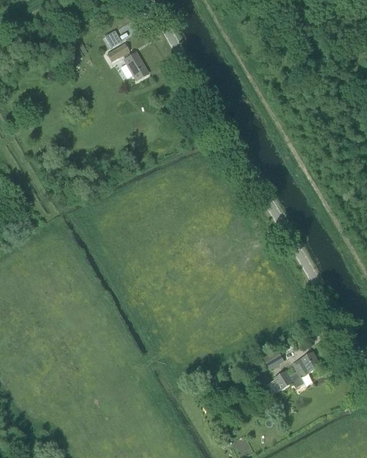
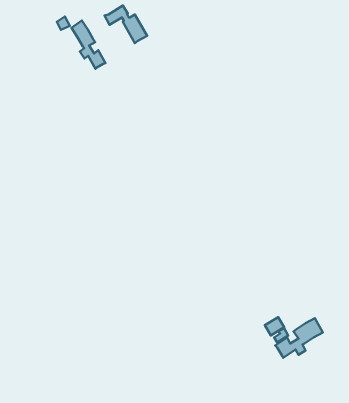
building: none -> [72,21,105,69]

